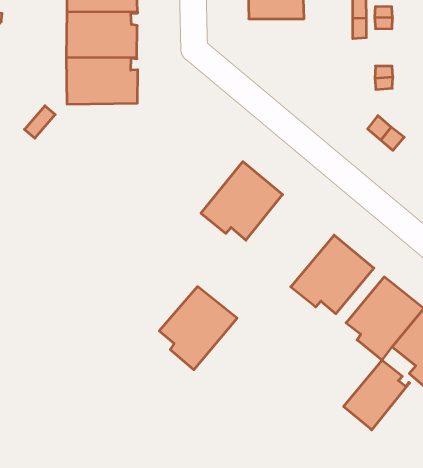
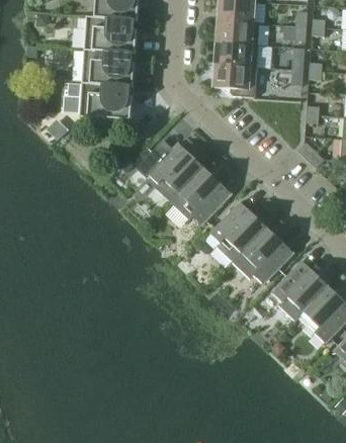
building: none -> [213,63,256,96]
building: none -> [135,139,203,202]
building: [159,287,237,370] -> [208,200,266,261]
building: [344,360,410,430] -> none

